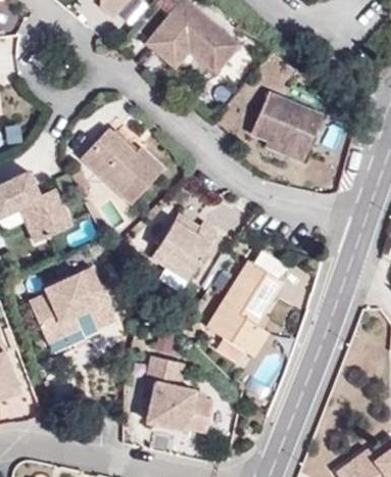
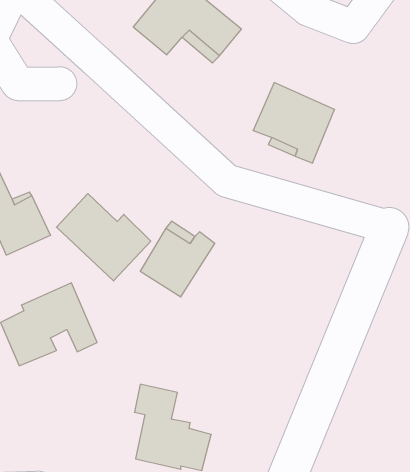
building: [81,127,163,203] -> [56,194,151,281]
building: [206,259,283,355] -> none

